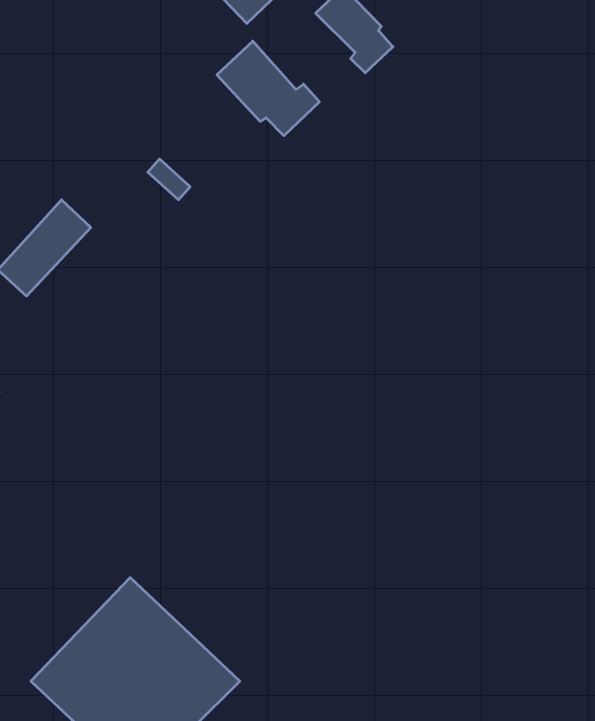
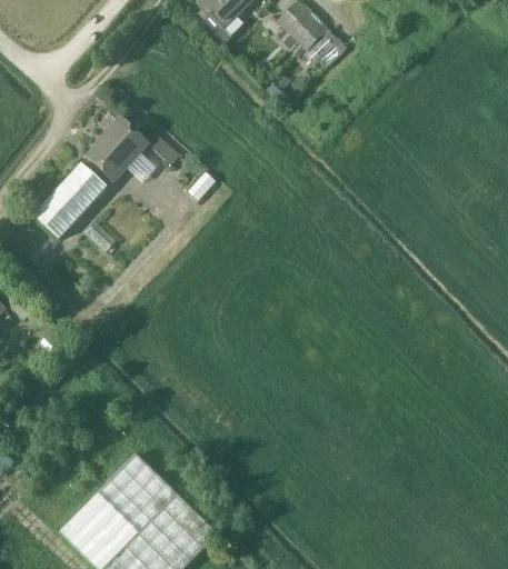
building: [217,41,319,136] -> none
building: none -> [87,120,156,177]

